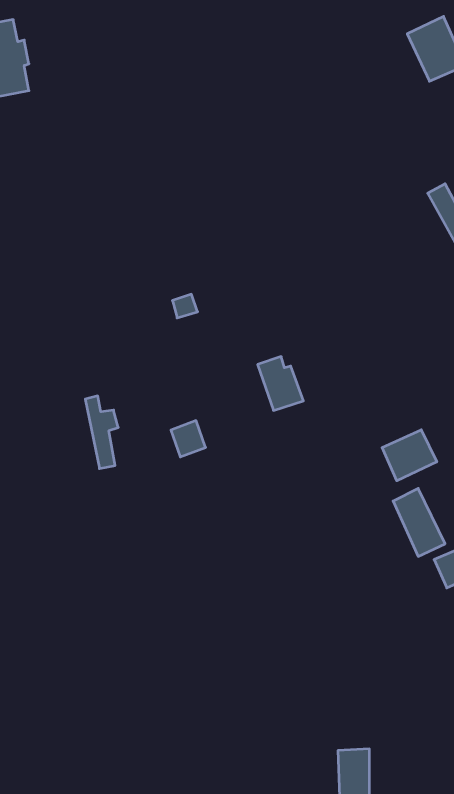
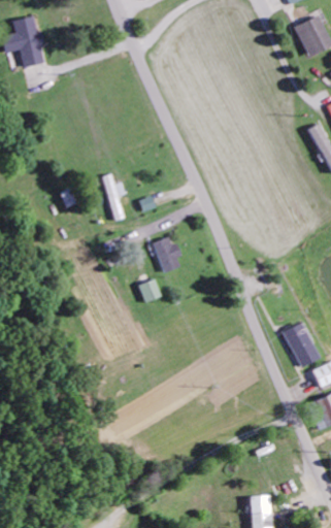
building: [258,357,303,410] -> [154,237,184,272]
building: [85,396,118,469] -> [104,173,126,221]
building: [382,430,437,481] -> none

